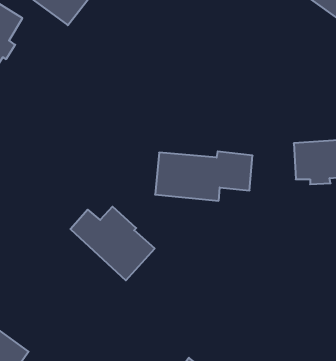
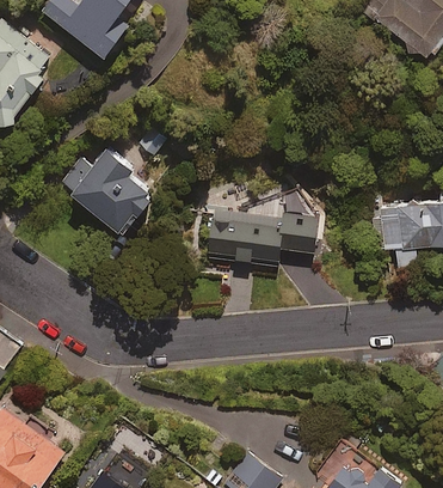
building: [70,207,155,280] -> [63,158,161,244]

